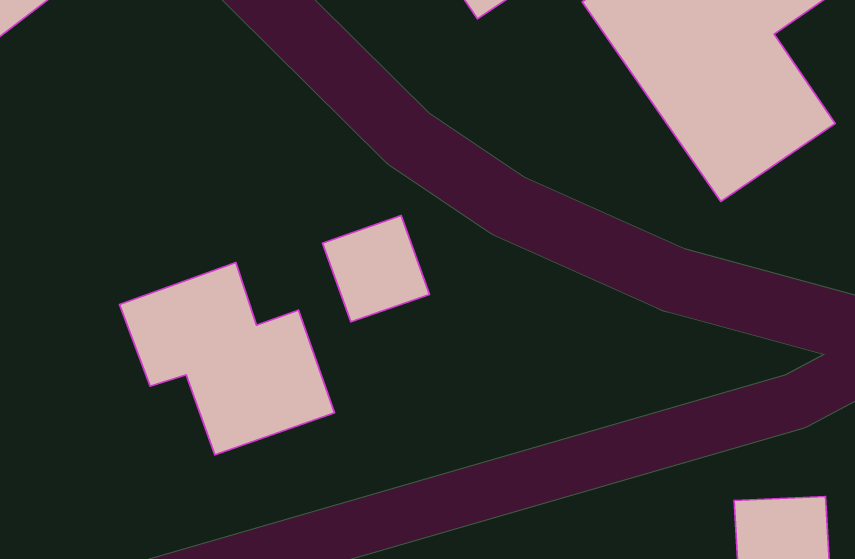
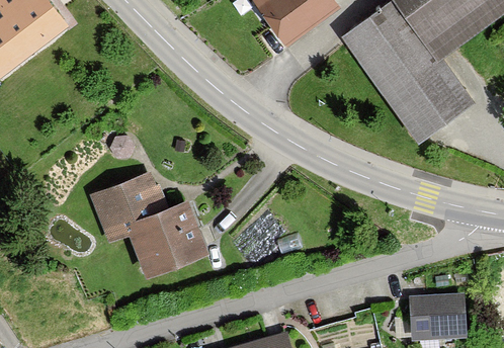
building: [323,216,429,322] -> none

